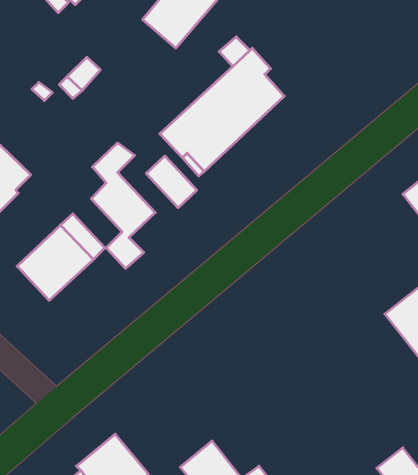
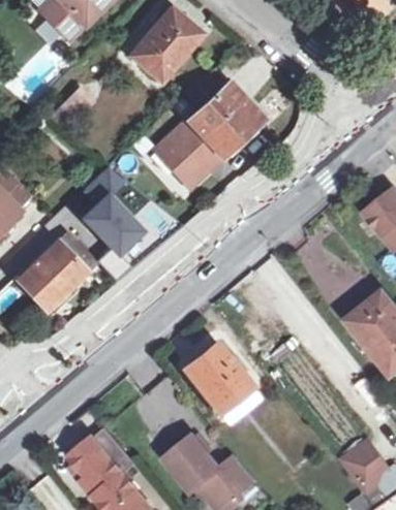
building: [146,156,197,208] -> none
building: none -> [185,344,253,415]

